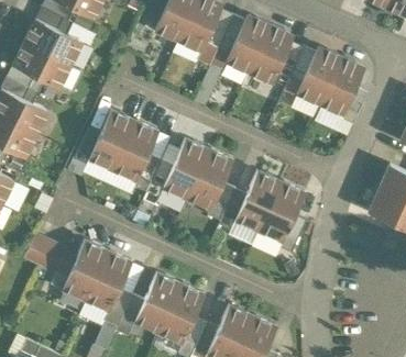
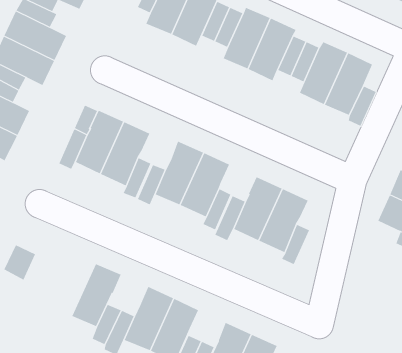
building: [51,241,108,300] -> none

